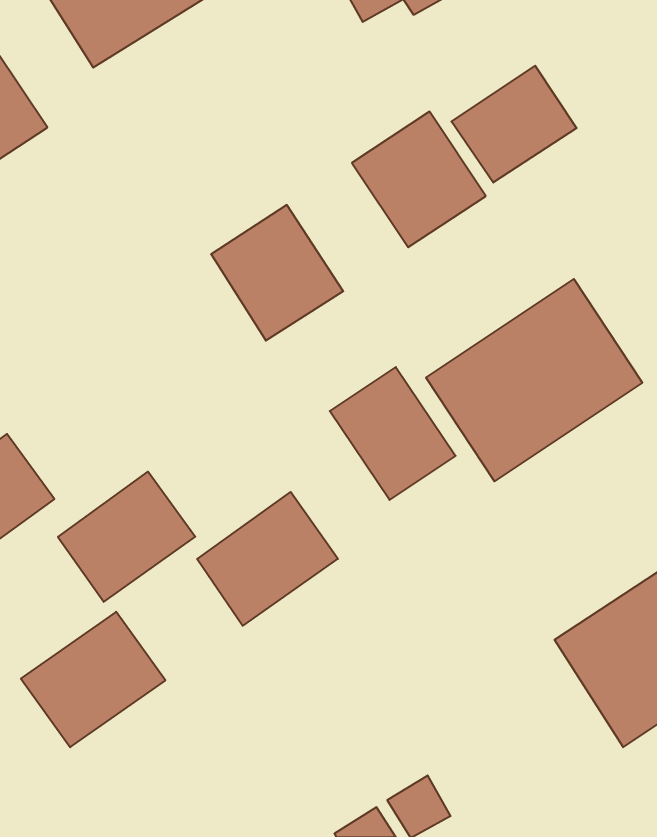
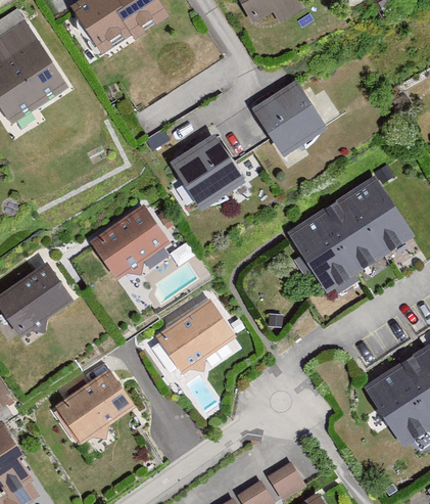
building: [451,66,577,183] -> none
building: [330,367,456,500] -> none
building: [58,472,195,602] -> [92,205,172,281]

